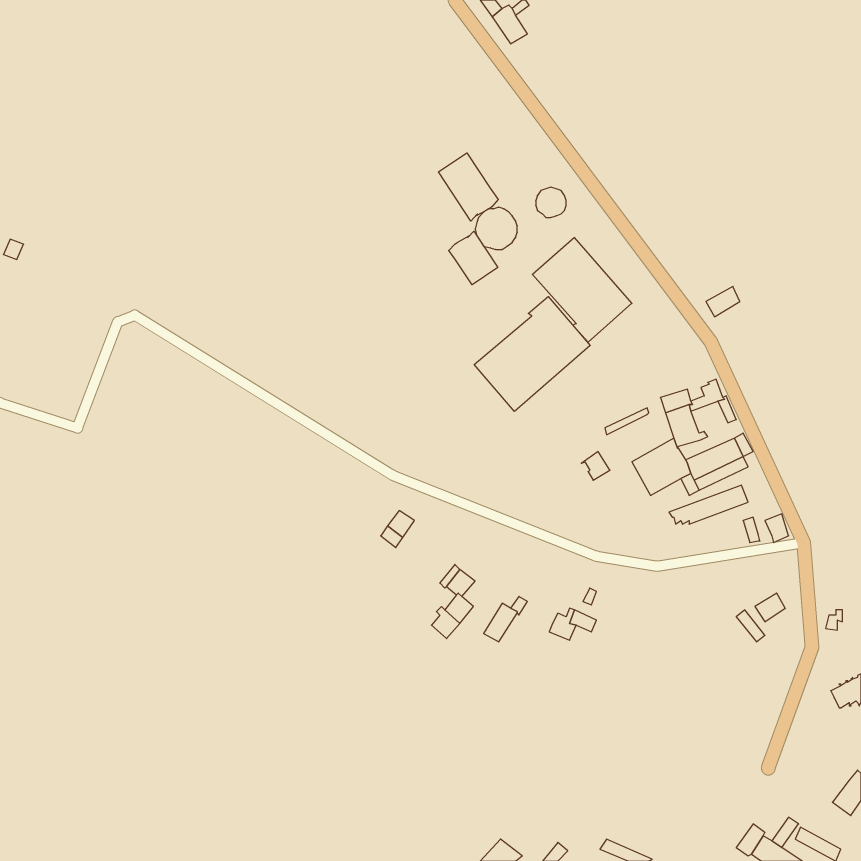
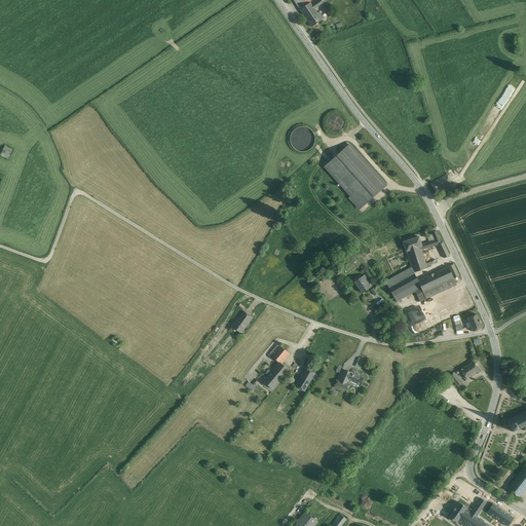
building: [438,153,498,221] -> none
building: [449,231,498,285] -> none
building: [474,297,590,411] -> none

